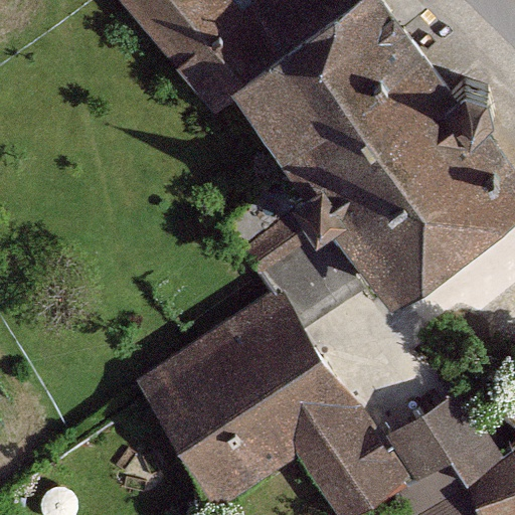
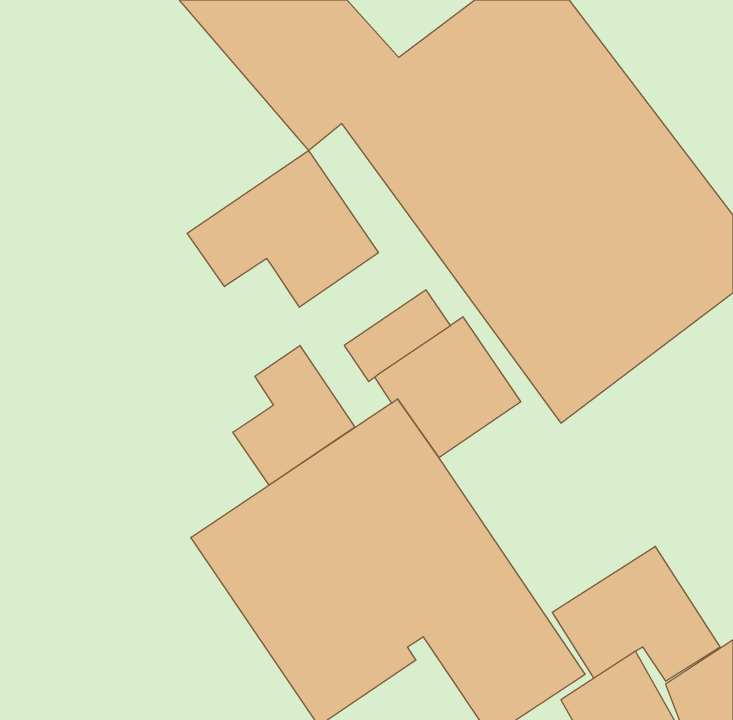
building: none -> [187,151,378,307]
building: none -> [233,345,355,485]

